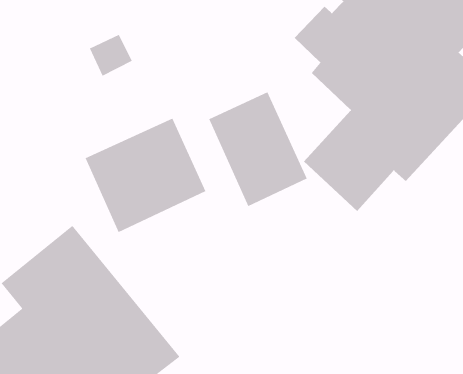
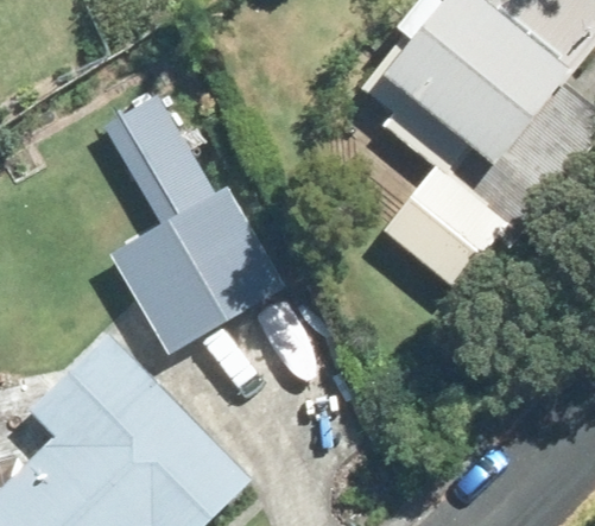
building: [208,91,308,207] -> none

